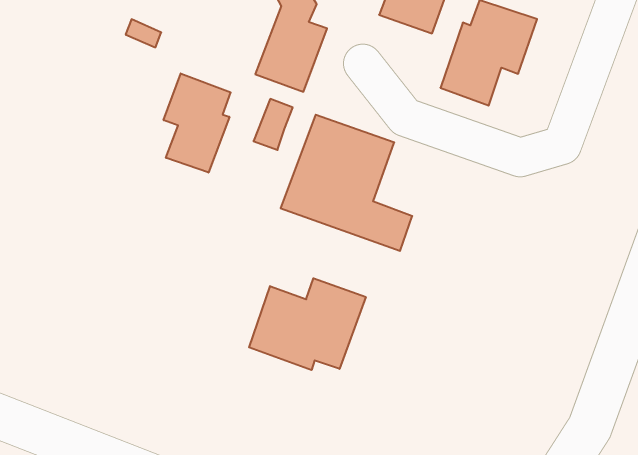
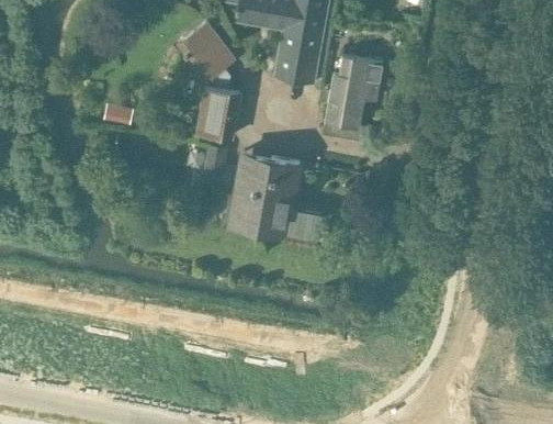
building: [164,73,231,173] -> none
building: [249,278,366,370] -> none

